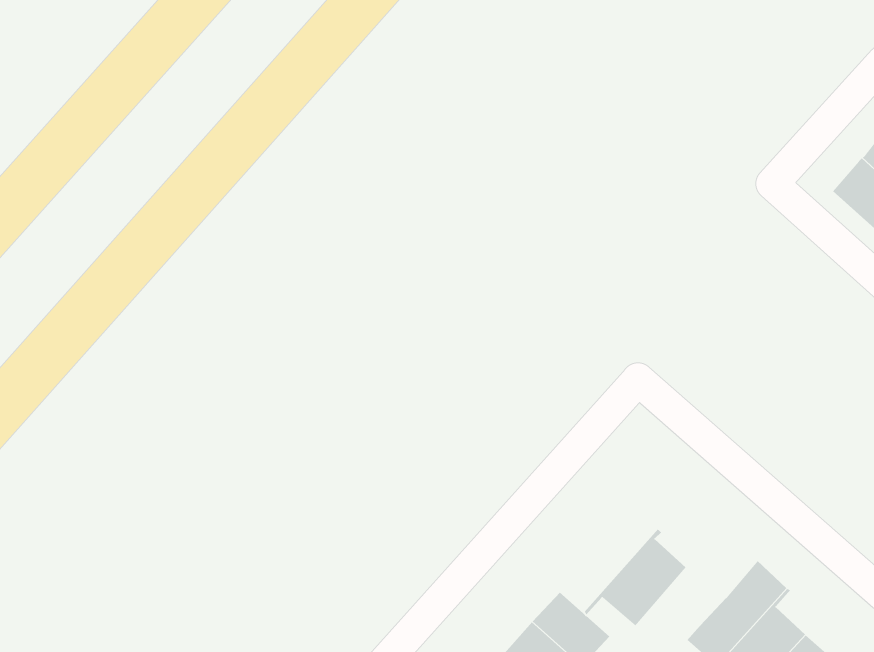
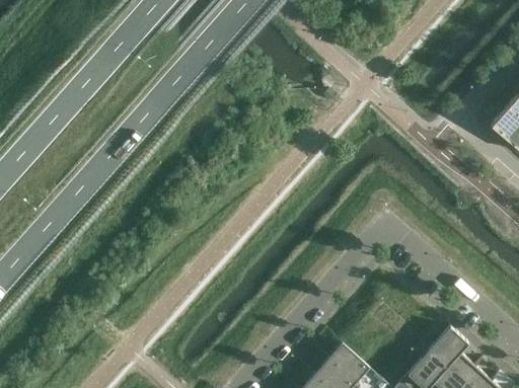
building: [584,528,686,626] -> none

